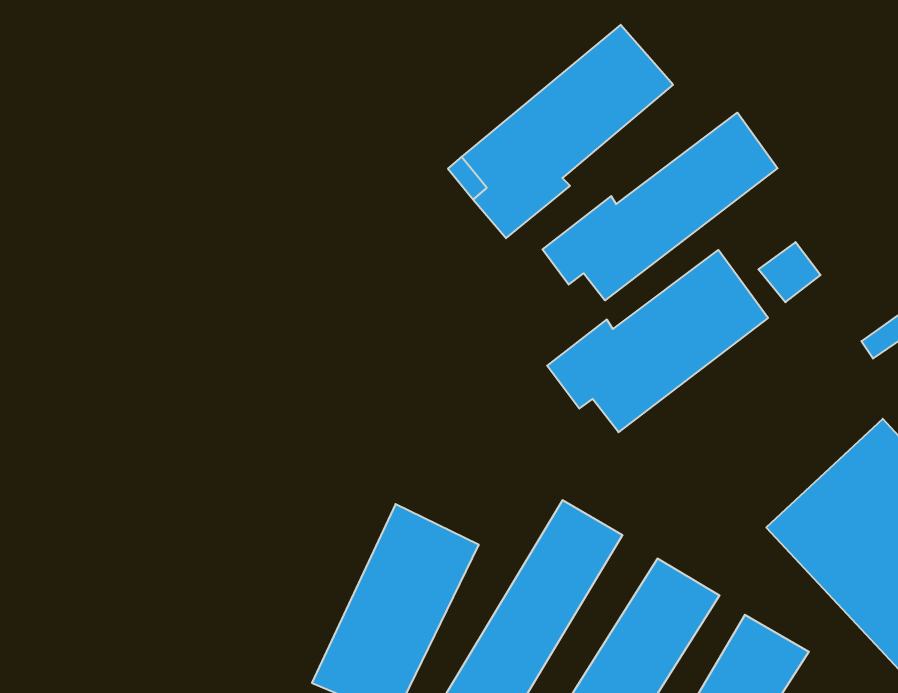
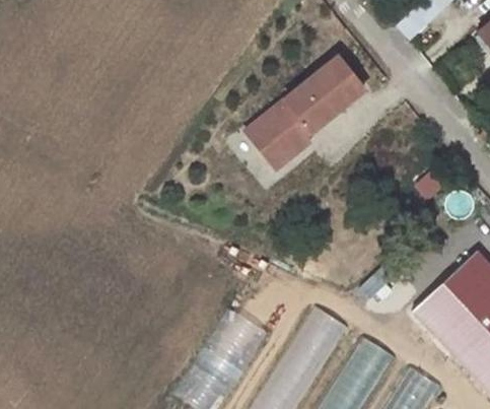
building: [542,113,778,300] -> none
building: [547,250,768,432] -> none

